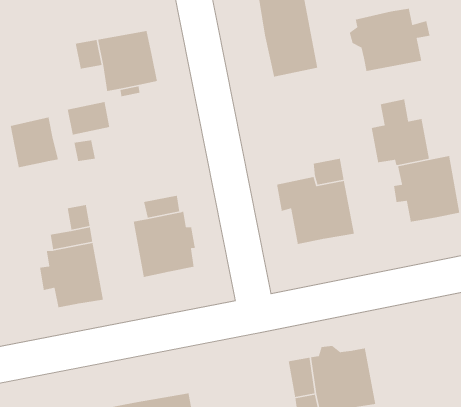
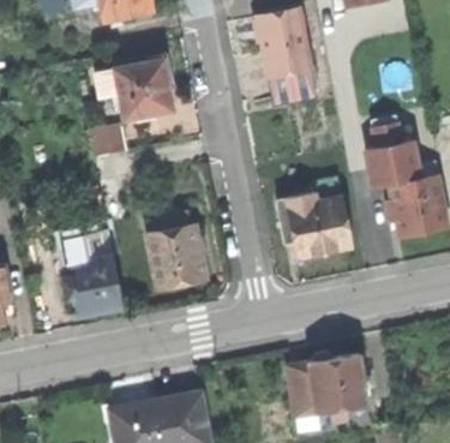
building: [349,8,431,72] -> none
building: [10,117,59,168] -> none

